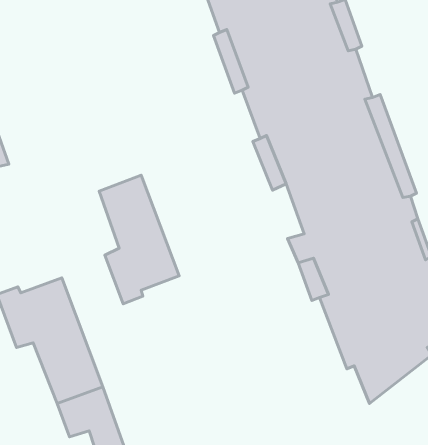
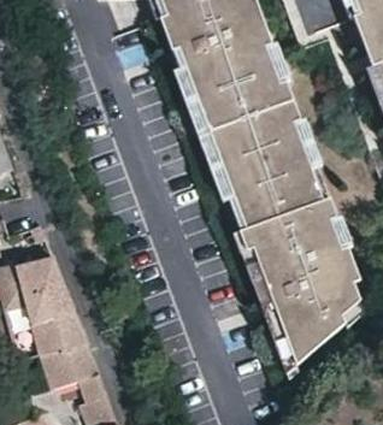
building: [99,175,179,304] -> none

